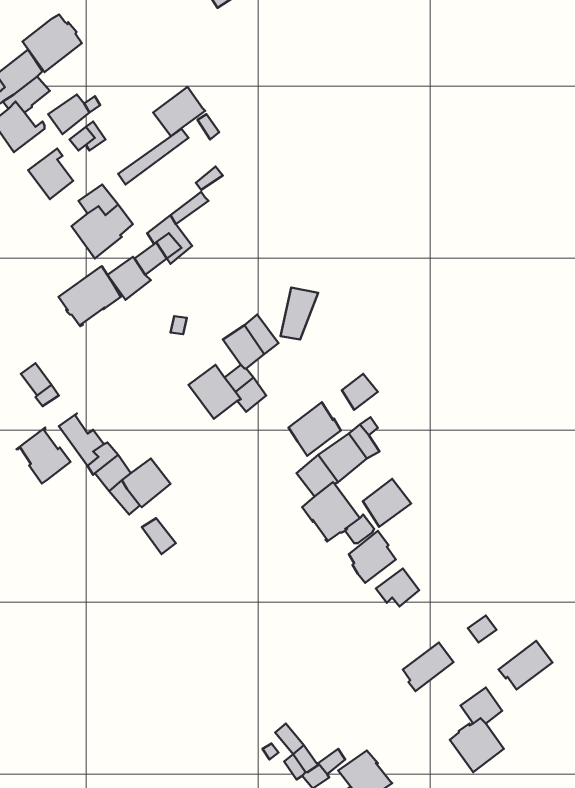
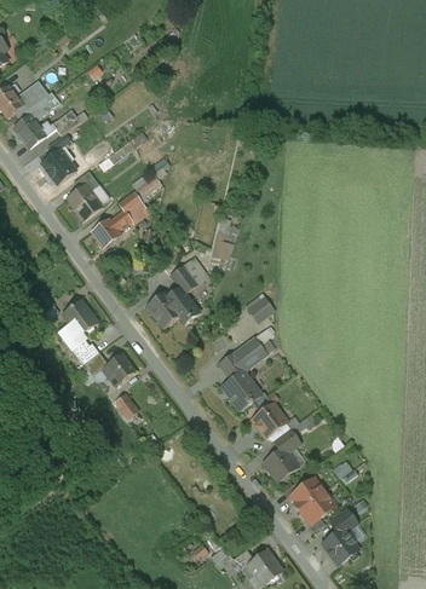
building: [22,14,82,72] -> none
building: [153,87,205,136] -> none
building: [59,266,121,326] -> none
building: [288,402,341,456] -> none
building: [16,428,70,484] -> [62,299,98,336]
building: [363,479,411,527] -> none
building: none -> [265,446,298,480]
building: [498,641,553,689] -> [299,490,335,522]

